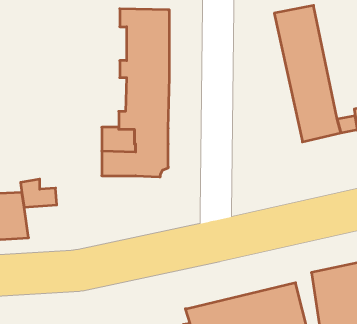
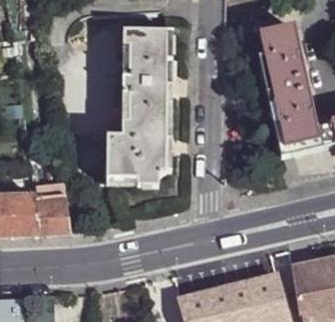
building: none -> [37,205,71,234]

